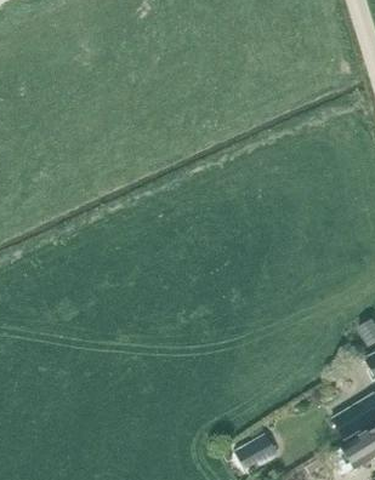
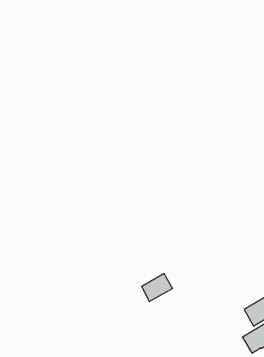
building: [238,430,278,467] -> [142,274,173,302]

